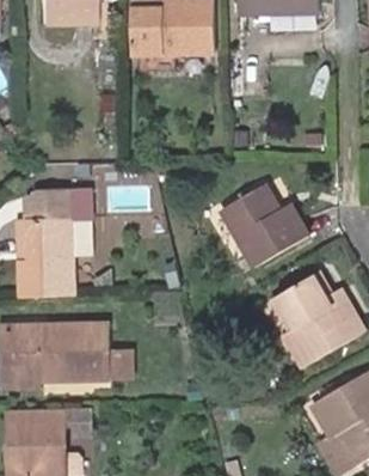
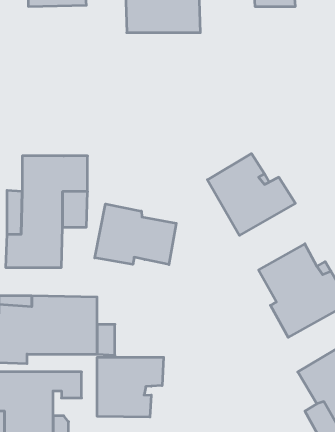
building: none -> [95,204,176,265]
building: none -> [97,357,164,417]

